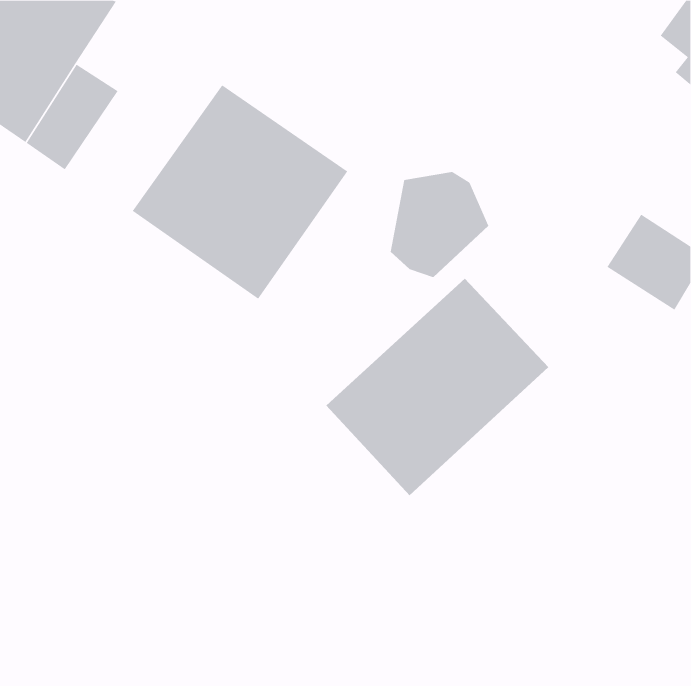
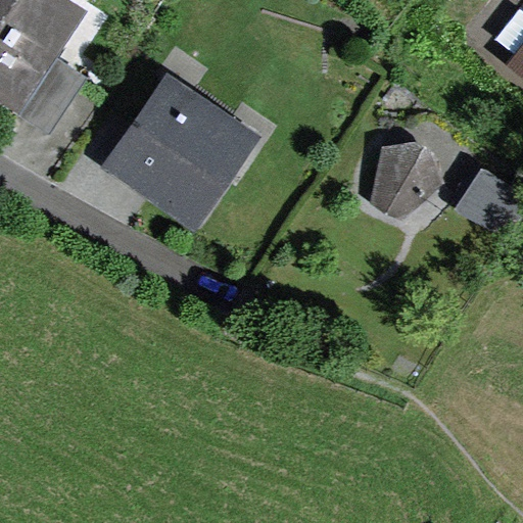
building: [390,172,489,278] -> [370,141,444,221]
building: [326,278,549,496] -> none

